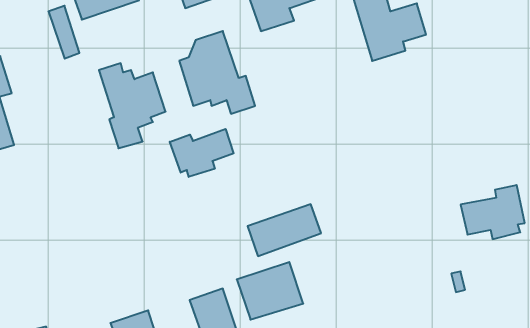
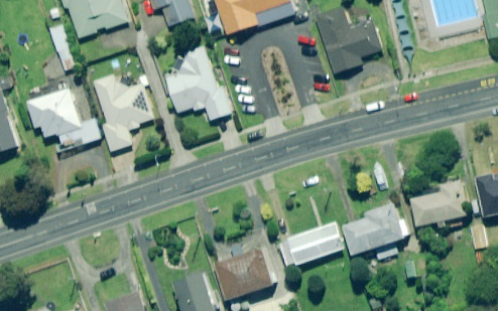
building: none -> [27,89,101,145]
building: [170,129,234,177] -> none
building: [248,204,321,256] -> [279,222,344,268]
building: none -> [343,204,409,260]

